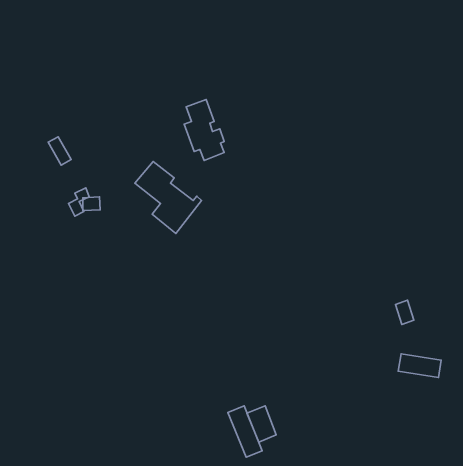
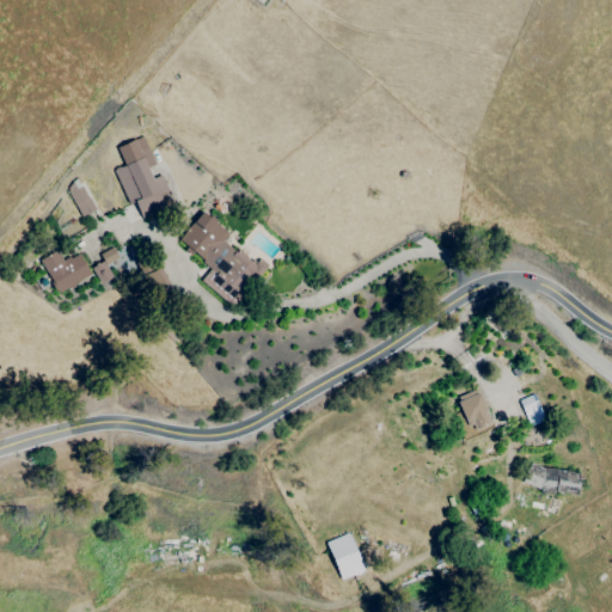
building: [184,99,224,161] -> [117,136,170,216]
building: none -> [42,250,93,293]
building: none -> [458,388,494,432]
building: [228,406,262,457] -> none

